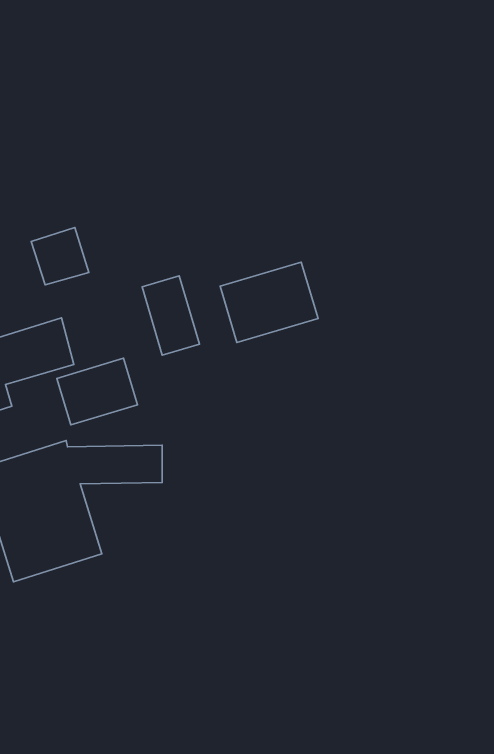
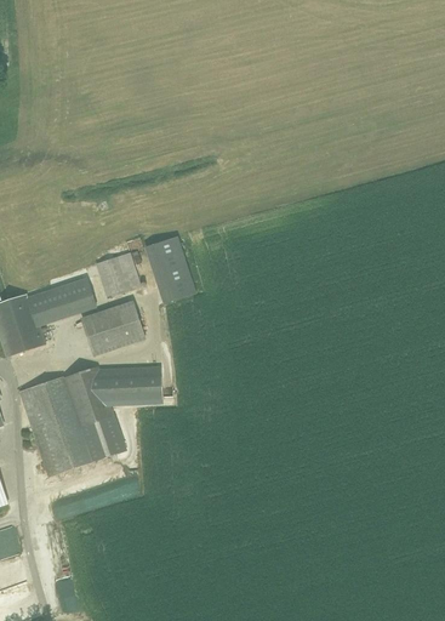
building: [31,228,89,285] -> [95,252,139,297]
building: [220,262,318,343] -> none

